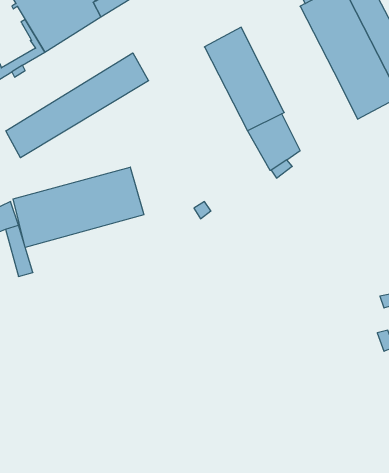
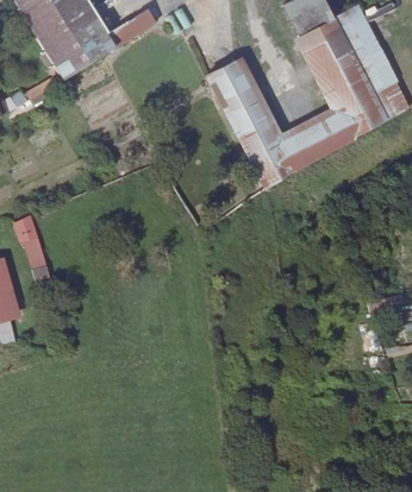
building: [6,53,149,158] -> none
building: none -> [279,108,348,168]
building: [13,167,144,248] -> none

